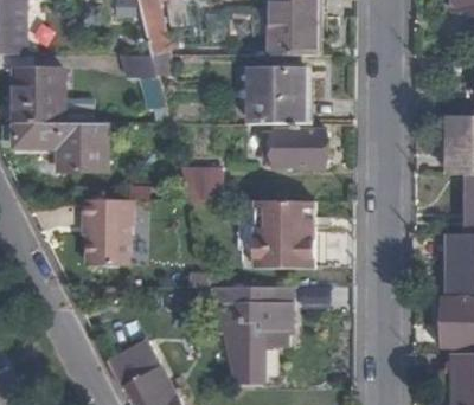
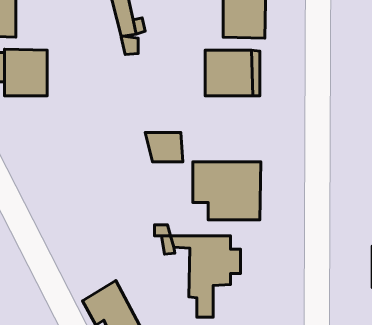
building: [13,123,107,171] -> none
building: [271,123,325,167] -> none
building: [78,200,134,265] -> none

